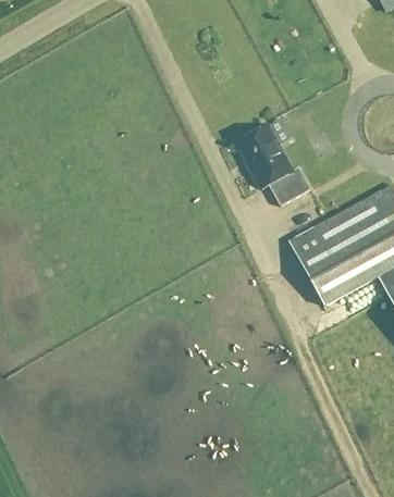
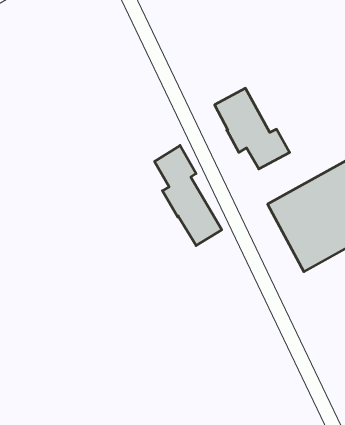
building: none -> [155,145,222,246]

